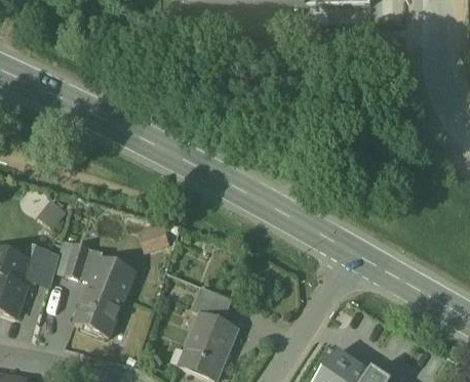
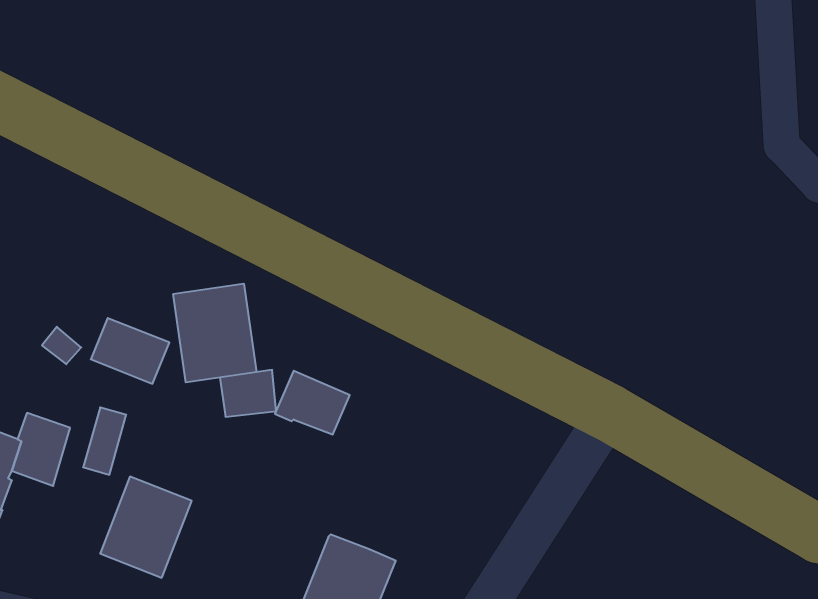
building: none -> [173,284,256,382]
building: [90,258,133,294] -> [91,318,169,384]
building: [190,286,231,321] -> [275,371,350,434]

